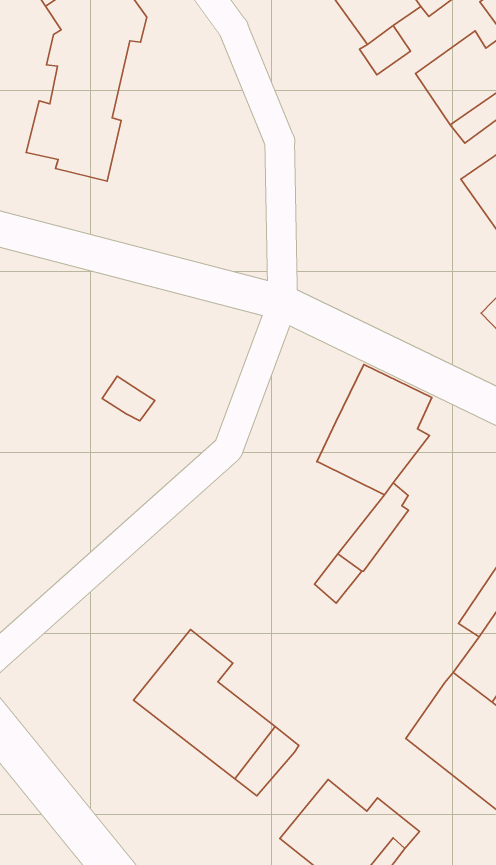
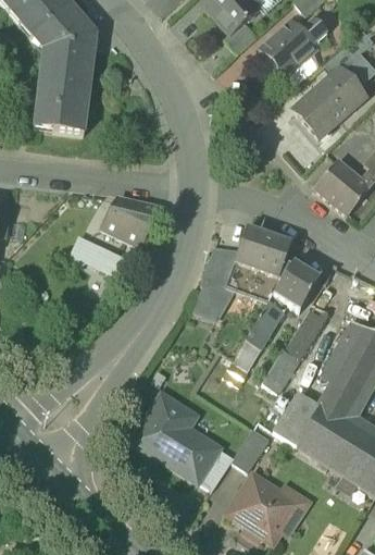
building: none -> [103,197,160,245]
building: none -> [67,232,104,262]
building: none -> [193,252,236,319]
building: none -> [274,261,321,310]
building: none -> [263,301,330,391]
building: none -> [274,395,317,445]
building: none -> [233,427,271,470]

